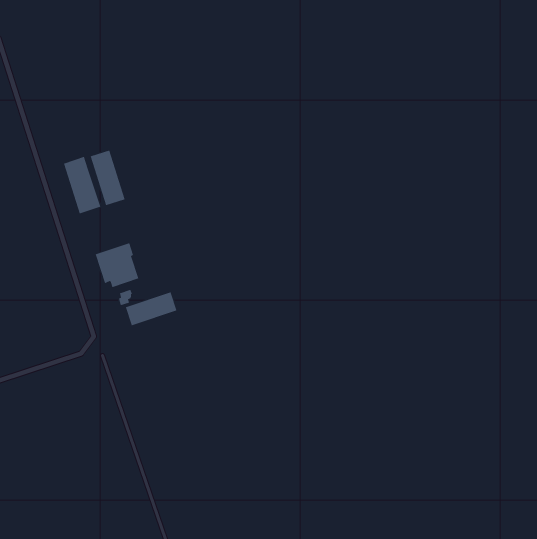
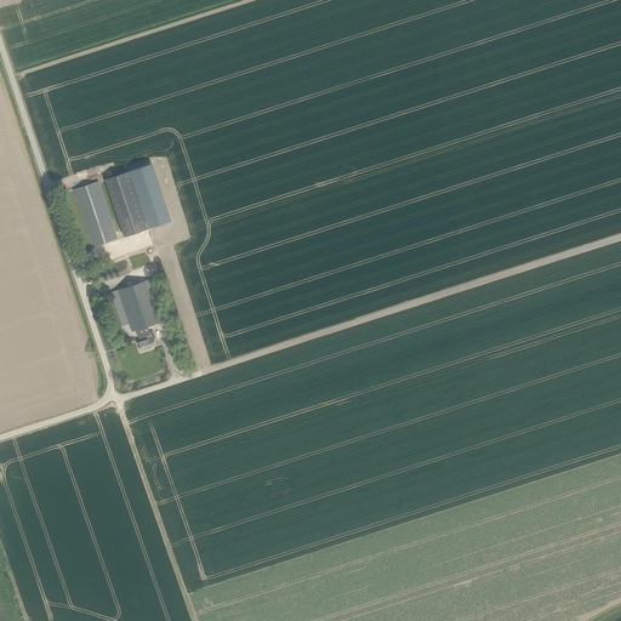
building: none -> [127,164,169,229]
building: [125,292,177,326] -> none

